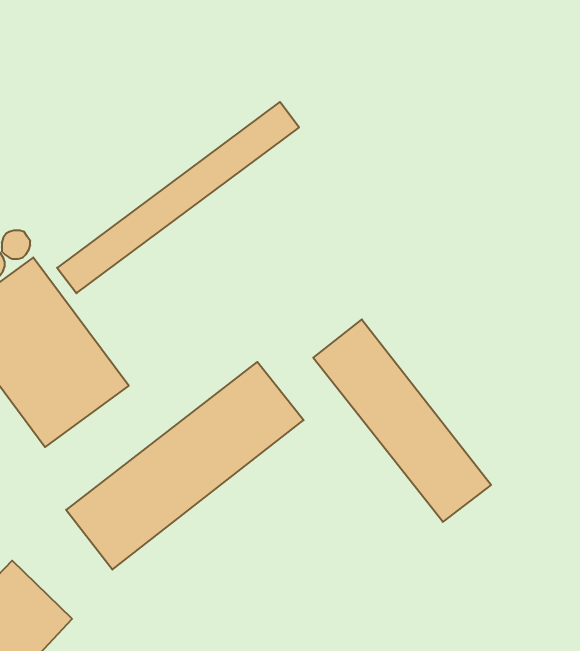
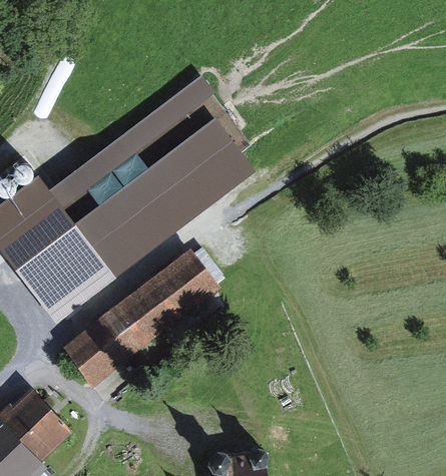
building: none -> [78,118,254,273]
building: [313,319,491,522] -> none

